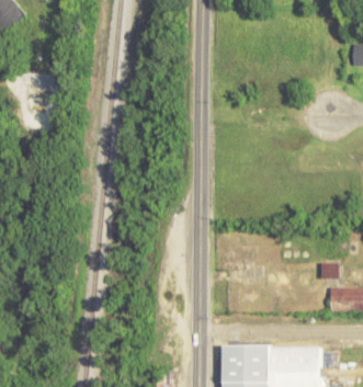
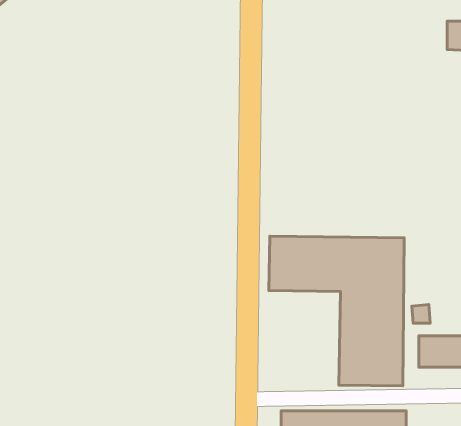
building: none -> [269,236,404,386]

